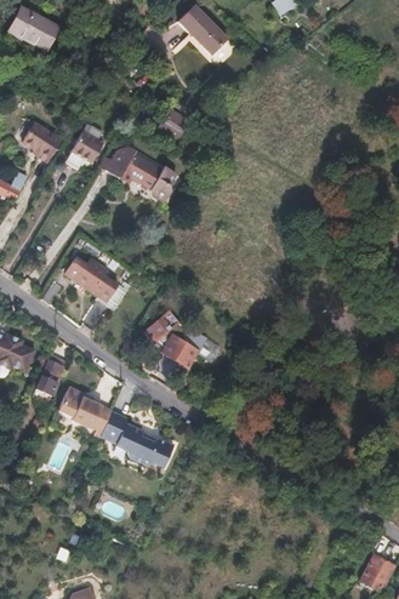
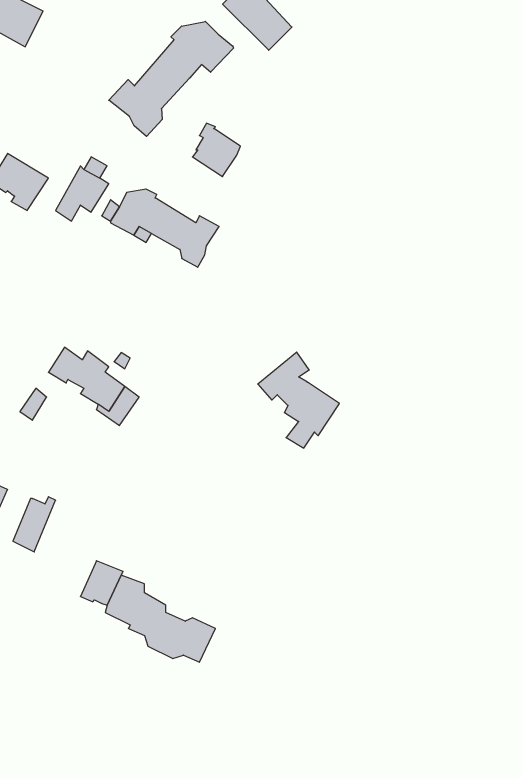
building: none -> [109,21,233,136]
building: [143,310,199,376] -> [258,352,339,448]
building: [59,387,95,424] -> none

